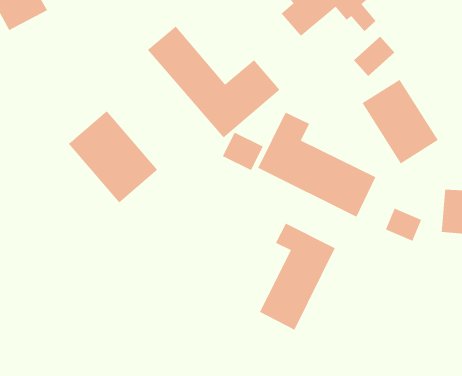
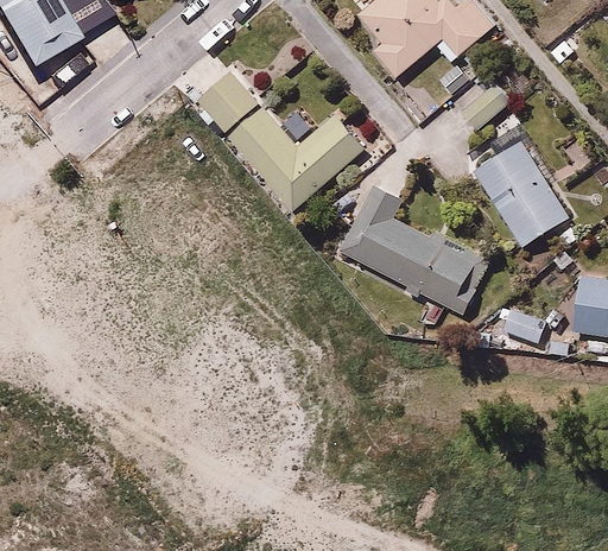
building: [68,110,158,204] -> none
building: [222,132,264,171] -> none
building: [259,222,336,331] -> none

